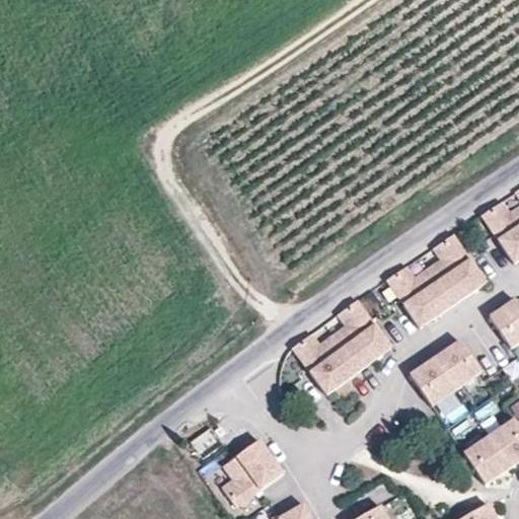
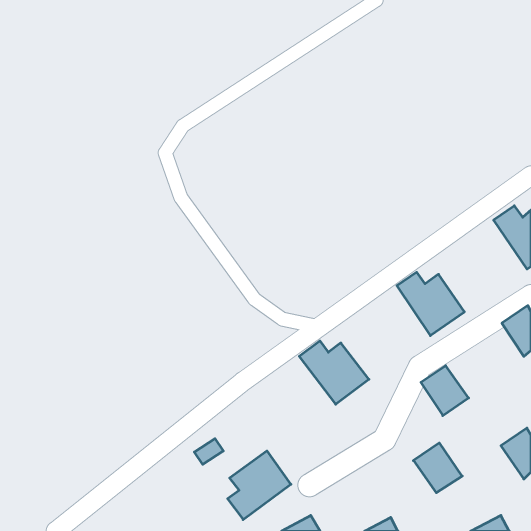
building: [428,233,487,304] -> none
building: [332,300,392,370] -> none
building: [435,340,481,388] -> none
building: [463,435,511,484] -> [413,443,462,493]

